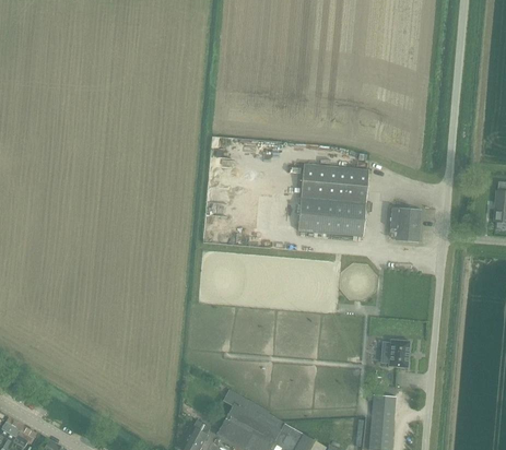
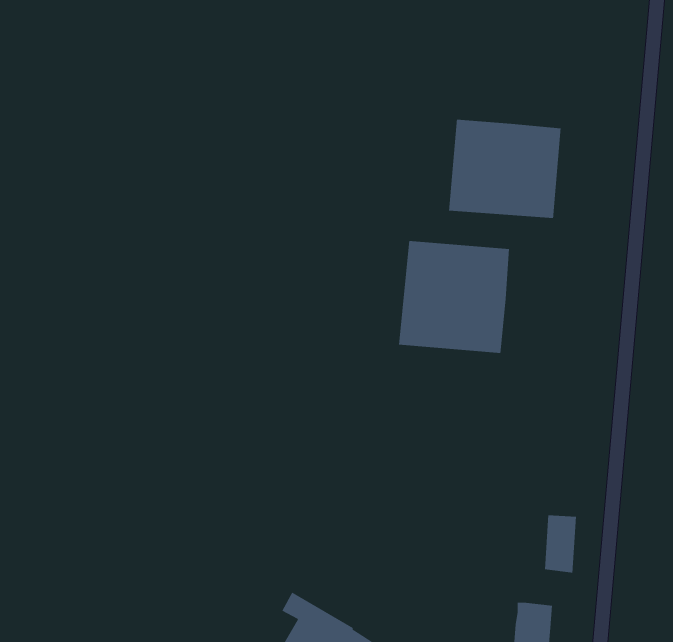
building: none -> [448,119,561,219]
building: [396,209,420,242] -> none

